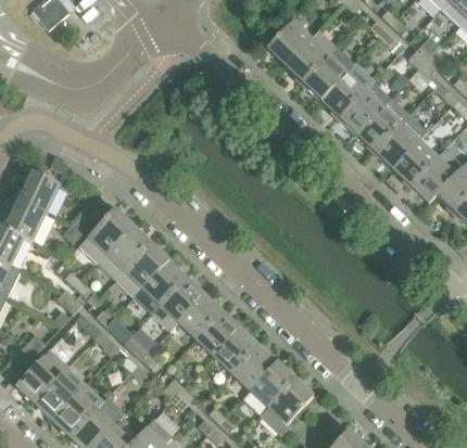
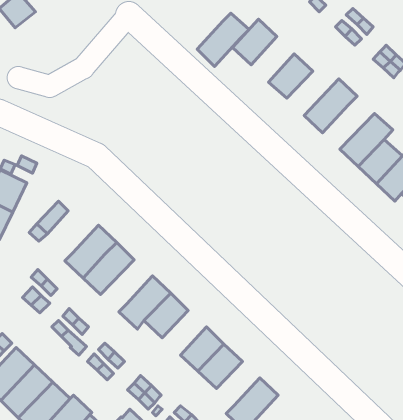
building: [285,29,337,82] -> [197,13,249,66]
building: [320,63,373,116] -> none
building: [356,97,408,150] -> none
building: [79,208,131,261] -> none
building: [134,260,186,312] -> none
building: [195,311,240,356] -> none
building: [250,362,293,407] -> none

